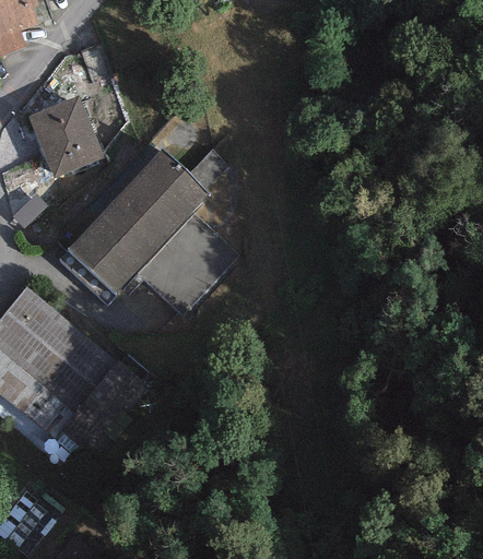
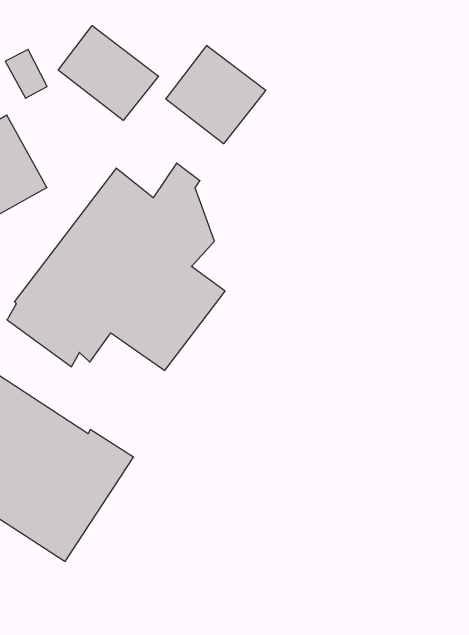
building: none -> [58,26,159,120]
building: none -> [166,45,266,144]

